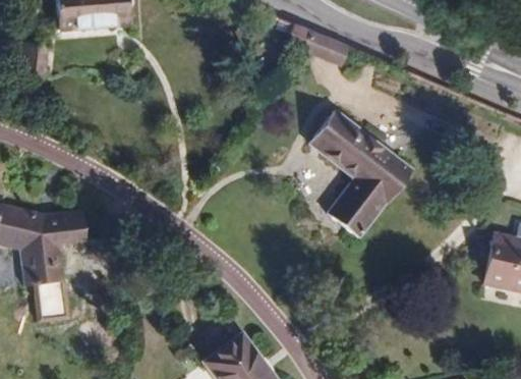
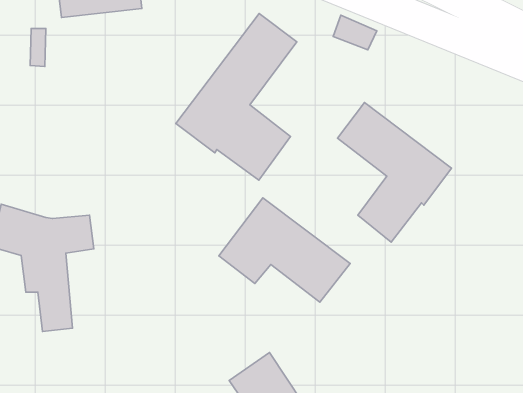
building: none -> [176,13,297,180]
building: none -> [219,198,350,302]

